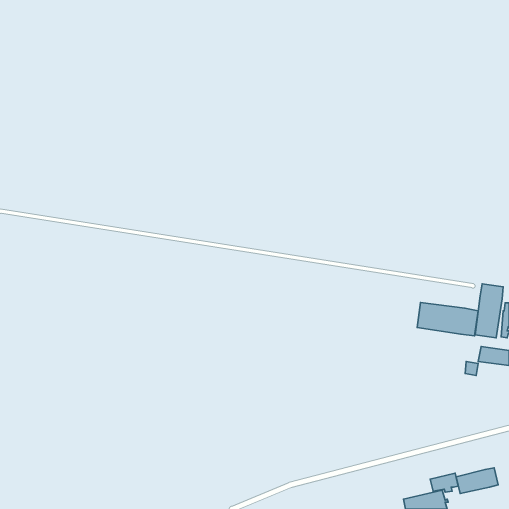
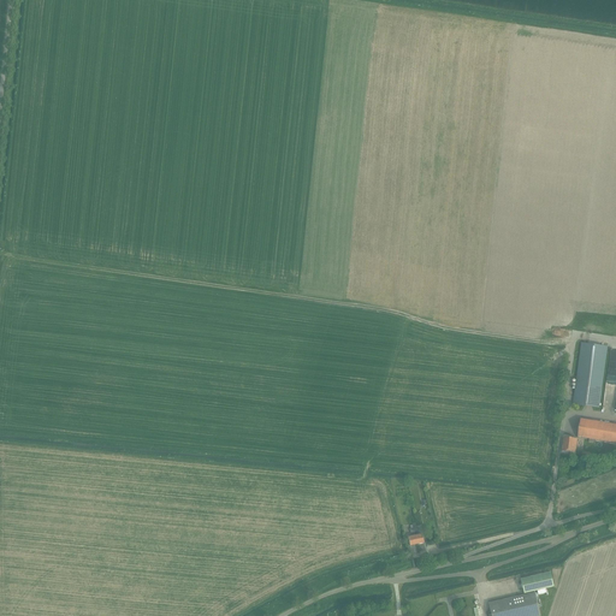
building: [417,302,478,336] -> none
building: [456,468,498,494] -> none

